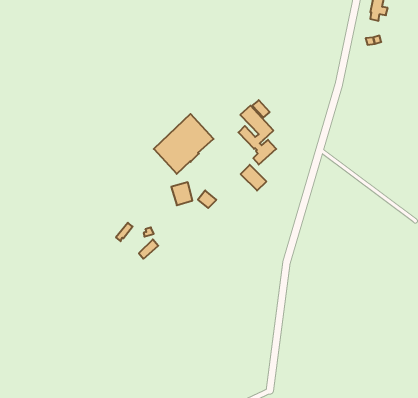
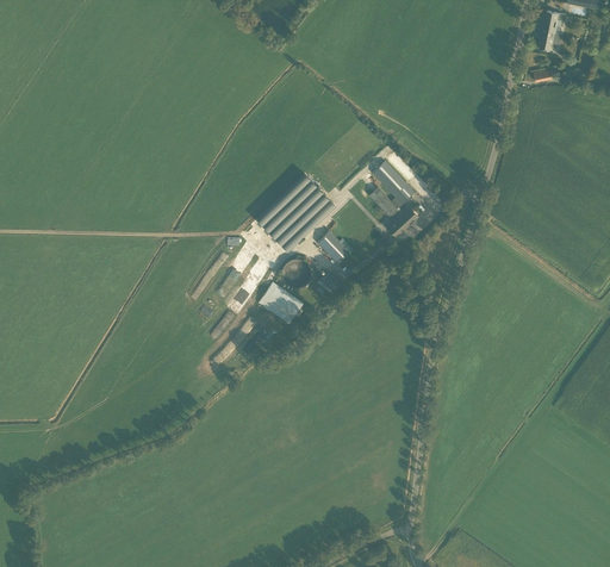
building: [241,165,266,191] -> [315,231,348,264]
building: none -> [255,282,300,324]

